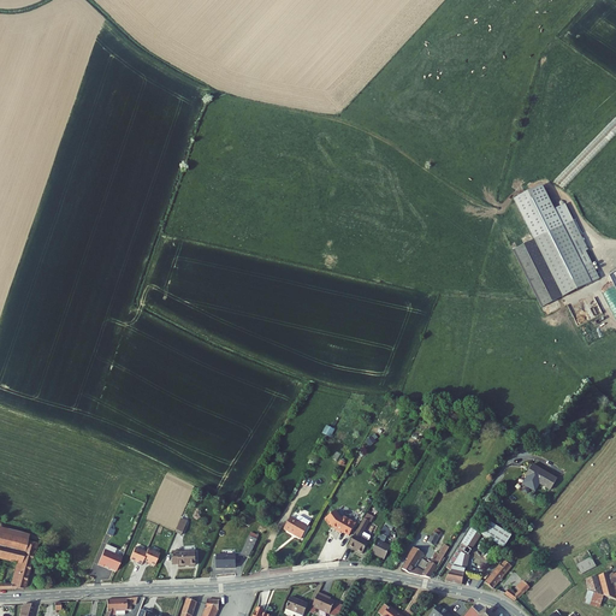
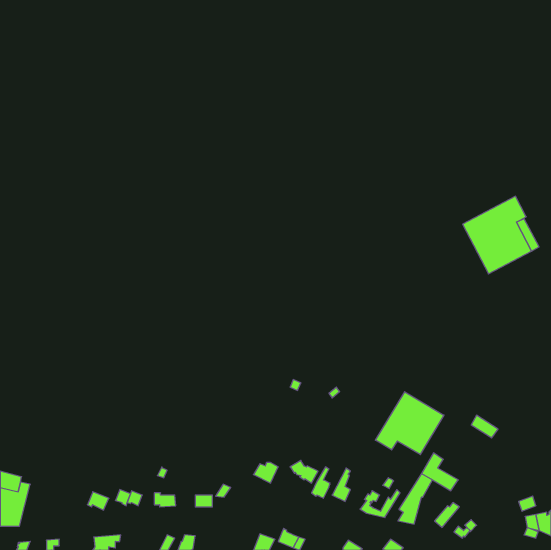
building: [515,184,575,239] -> none
building: none -> [375,392,444,455]

